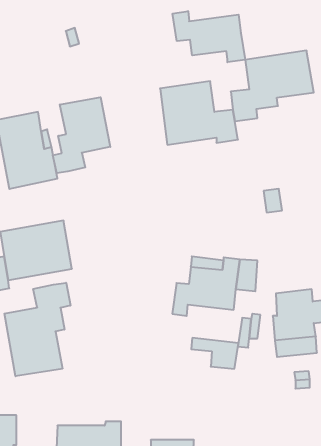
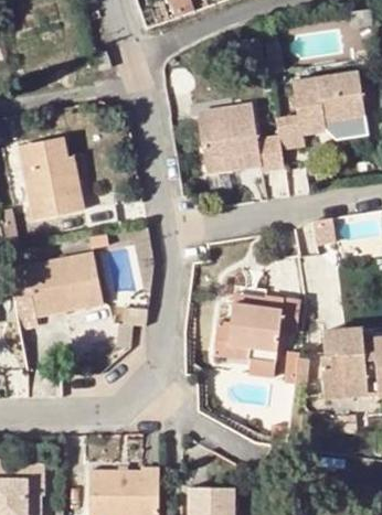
building: [173,11,245,62] -> none
building: [53,97,110,173] -> none
building: [4,283,70,376] -> none
building: [191,338,238,369] -> [227,344,278,377]

